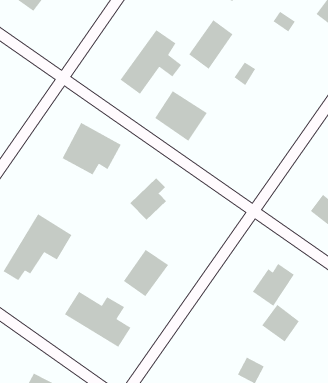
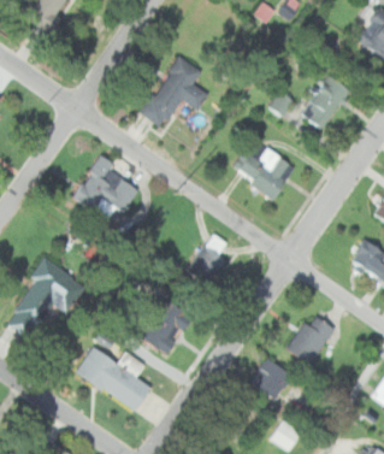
building: [188,19,233,70] -> [301,73,351,130]
building: [154,90,208,142] -> [236,141,296,199]
building: [129,177,167,220] -> [187,235,229,283]
building: [261,304,300,343] -> [249,356,293,400]

